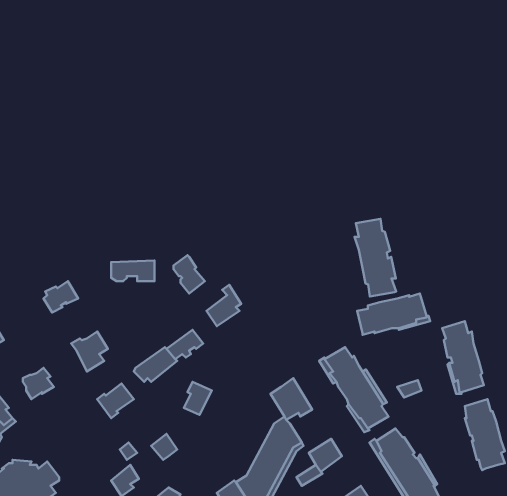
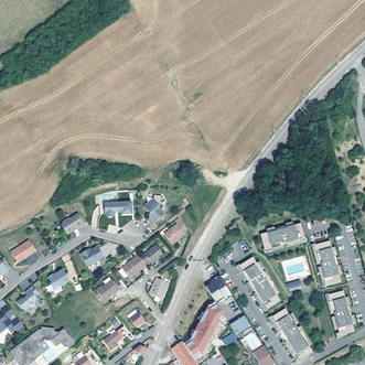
building: [355,219,396,297] -> none

